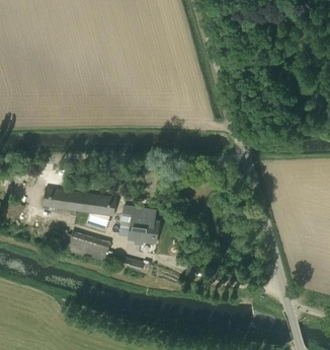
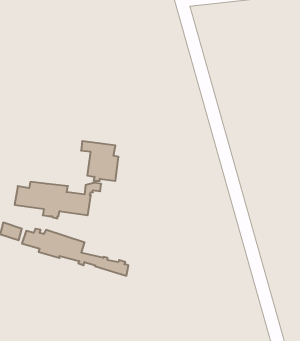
building: [122,206,159,244] -> [81,141,119,181]

